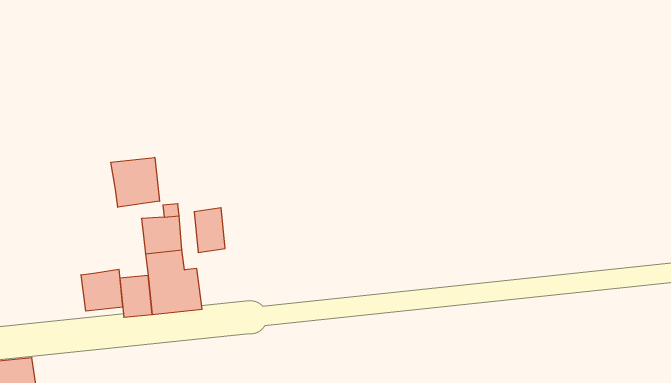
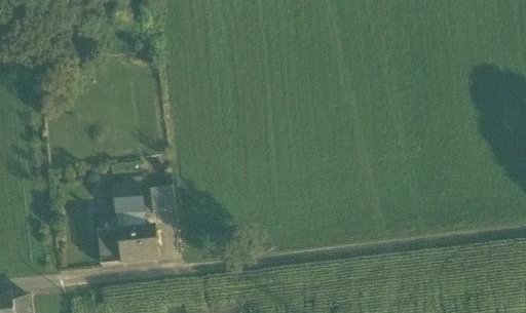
building: [111,157,160,207] -> none
building: [81,269,123,311] -> none

